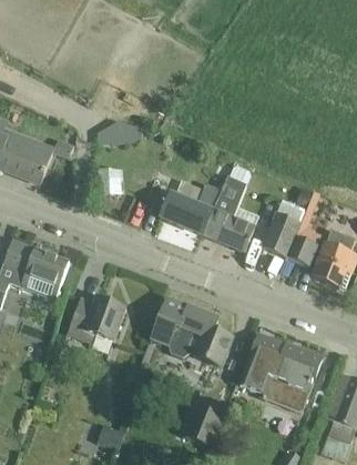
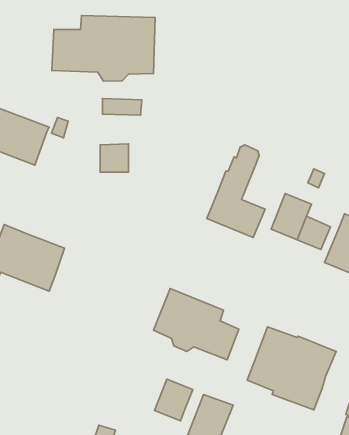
building: none -> [52,15,155,81]
building: [160,182,220,233] -> none
building: [68,296,125,342] -> none
building: none -> [154,379,193,421]

